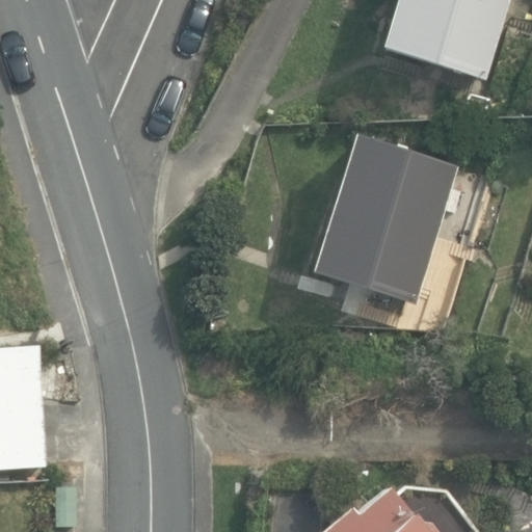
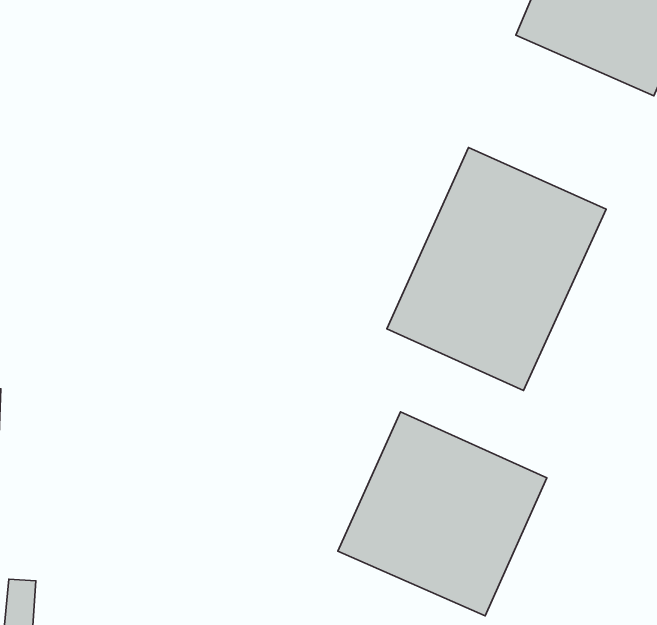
building: none -> [338,412,547,616]

